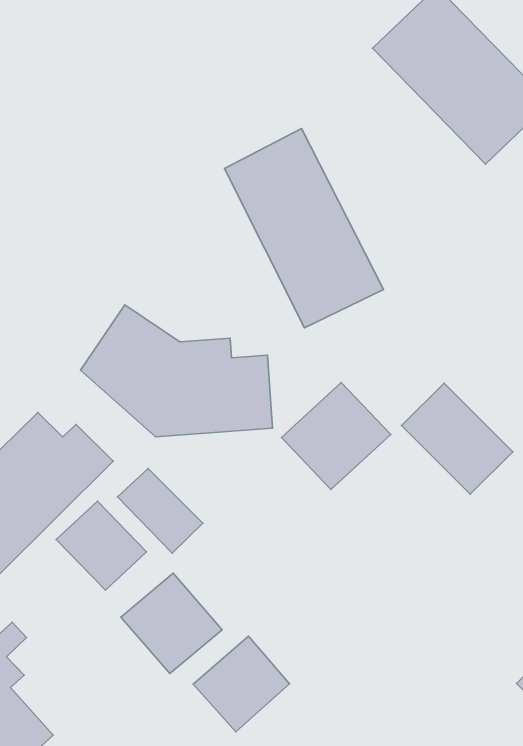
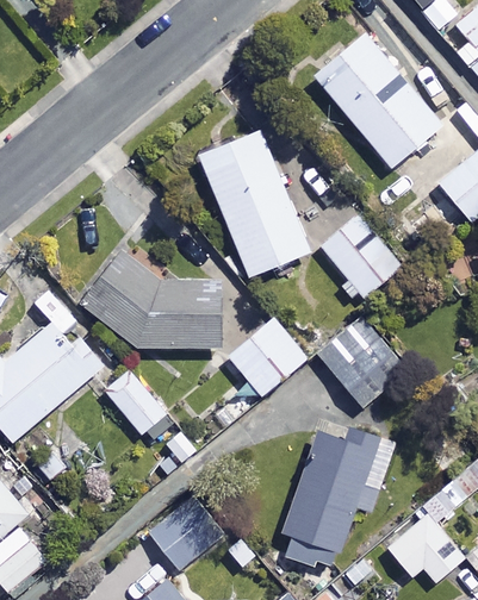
building: none -> [319,212,402,298]
building: [56,501,147,590] -> none
building: none -> [278,425,383,557]
building: [121,573,222,674] -> none

